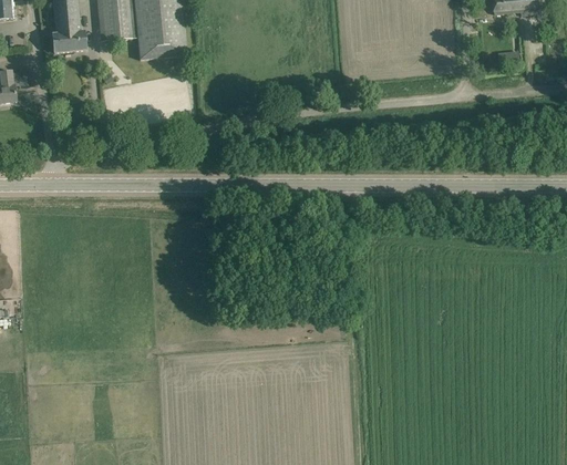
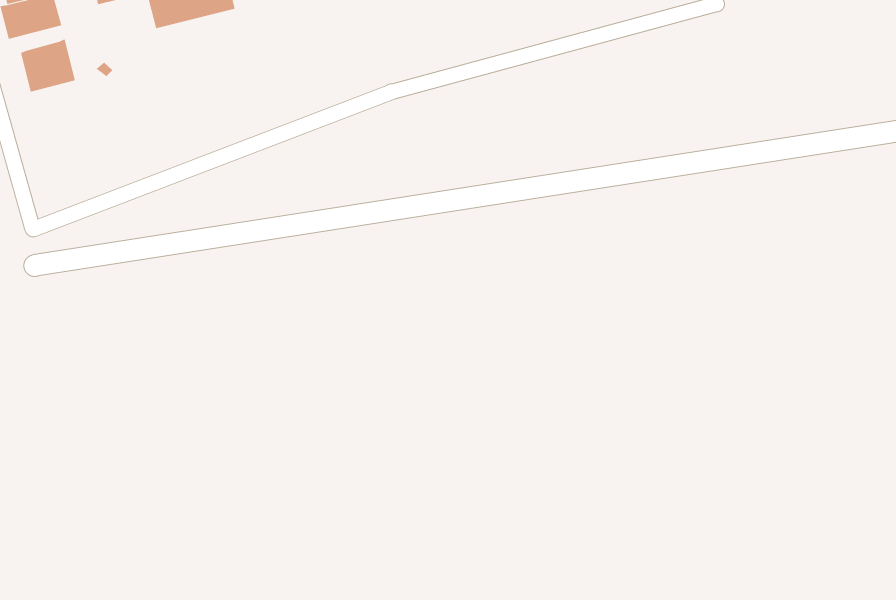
building: none -> [20,39,76,93]

